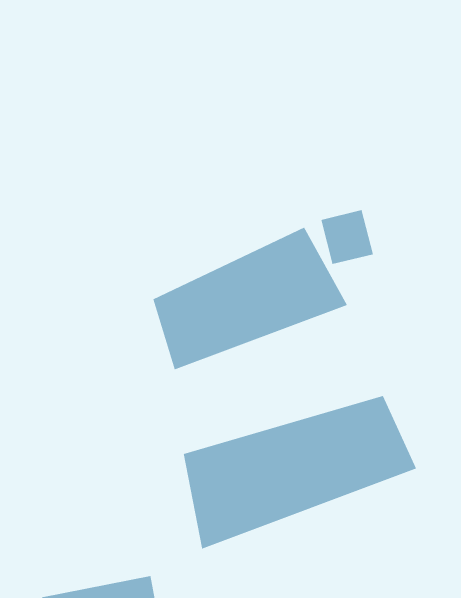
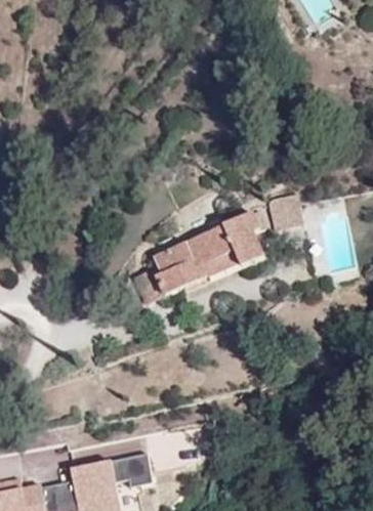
building: [183,395,417,550] -> none

